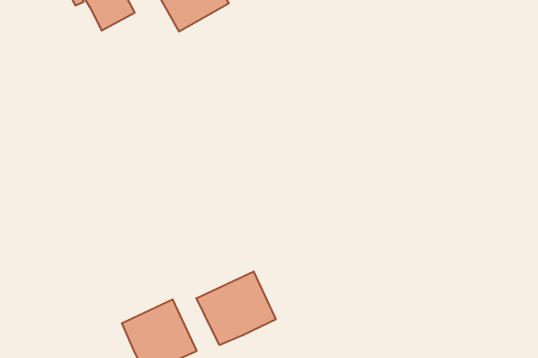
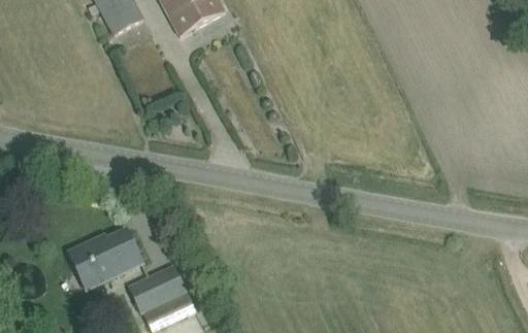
building: none -> [68,228,142,288]
building: [196,271,276,345] -> none

